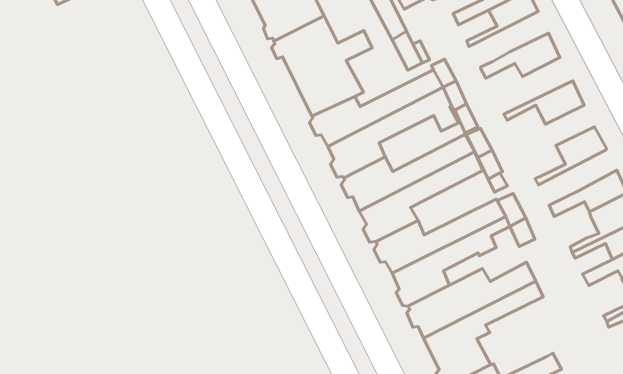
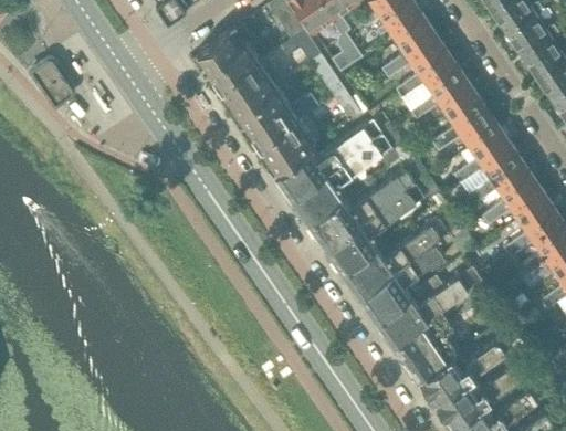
building: none -> [399,60,463,99]
building: none -> [432,95,489,148]
building: none -> [454,132,512,186]
building: none -> [472,166,535,207]

